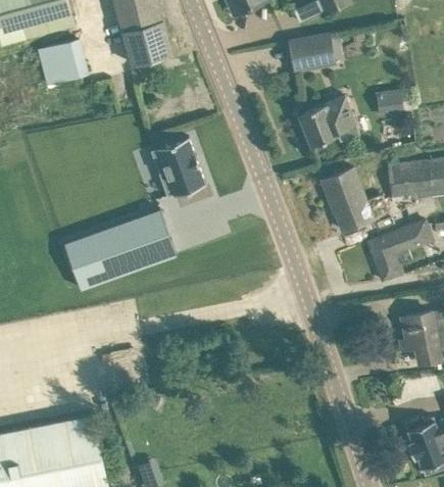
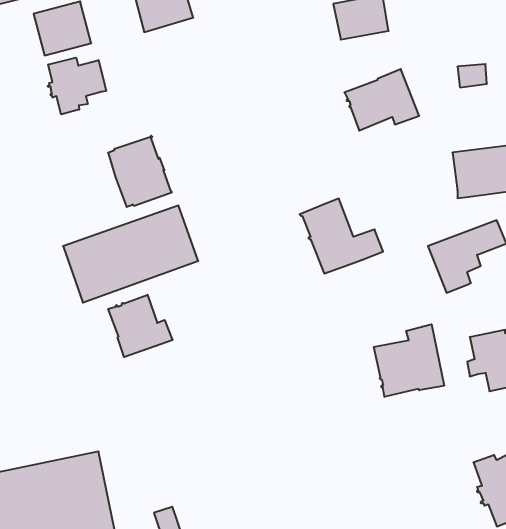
building: none -> [48,58,106,114]
building: [152,137,205,196] -> [108,136,172,207]
building: [320,168,390,231] -> [300,199,383,274]
building: none -> [108,295,173,357]
building: none -> [374,324,444,397]

